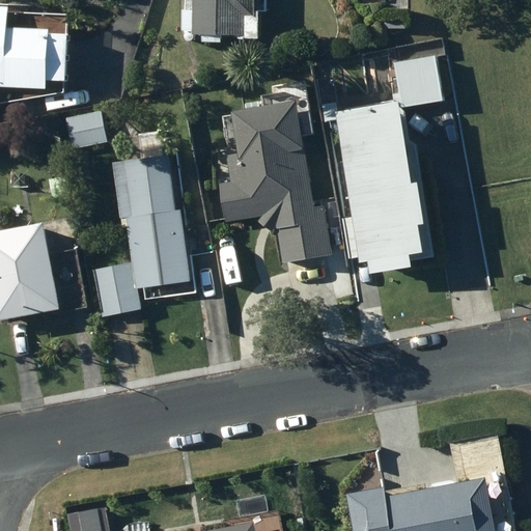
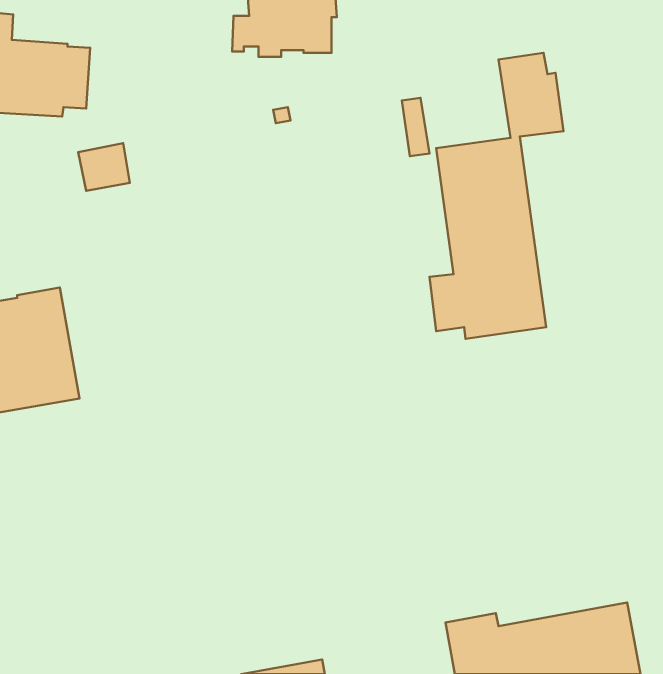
building: [216,94,329,263] -> none
building: [89,158,187,316] -> none

